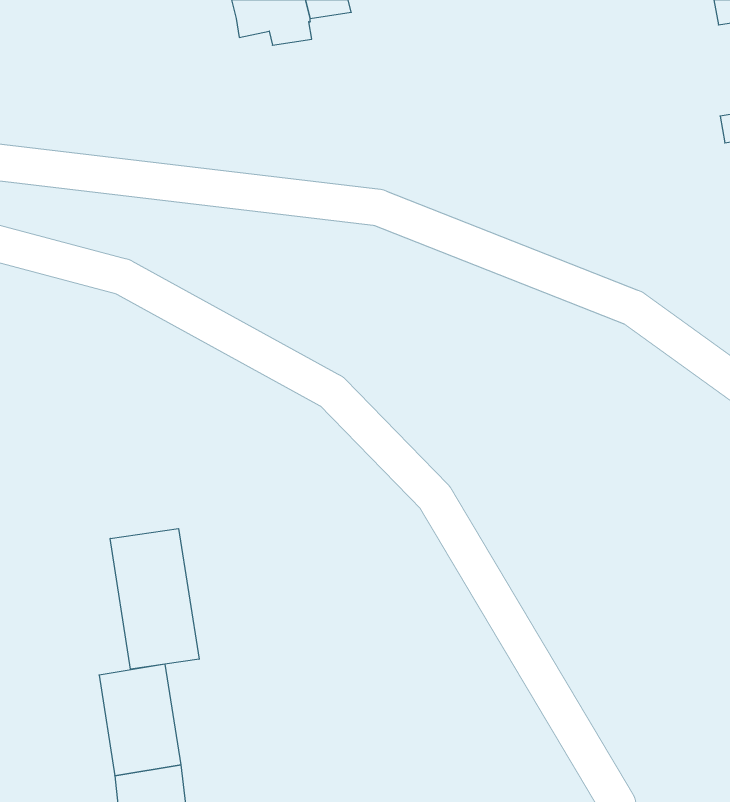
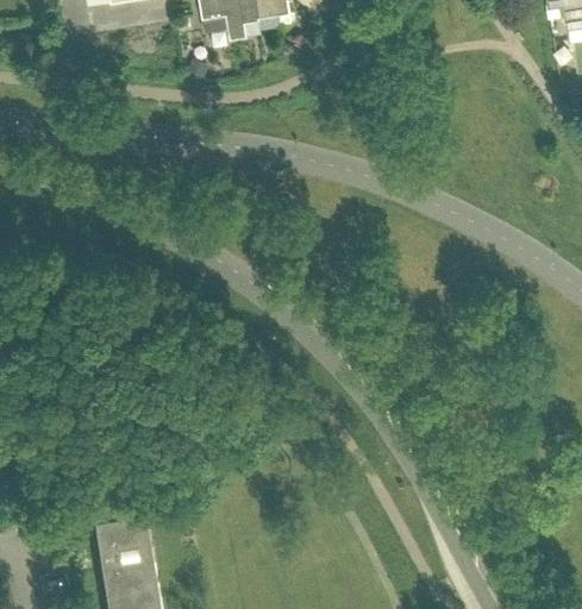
building: [110,529,199,669] -> none

